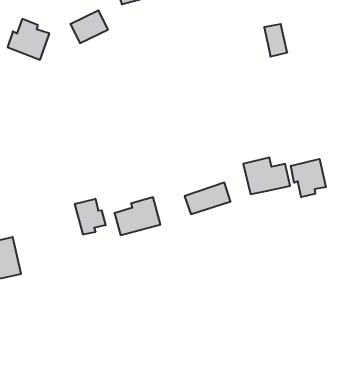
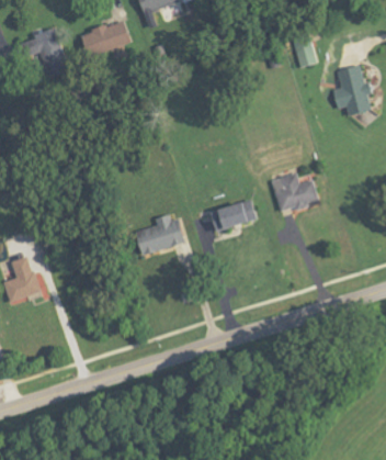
building: none -> [332,65,372,115]
building: [291,159,326,197] -> none
building: [75,199,106,235] -> none

